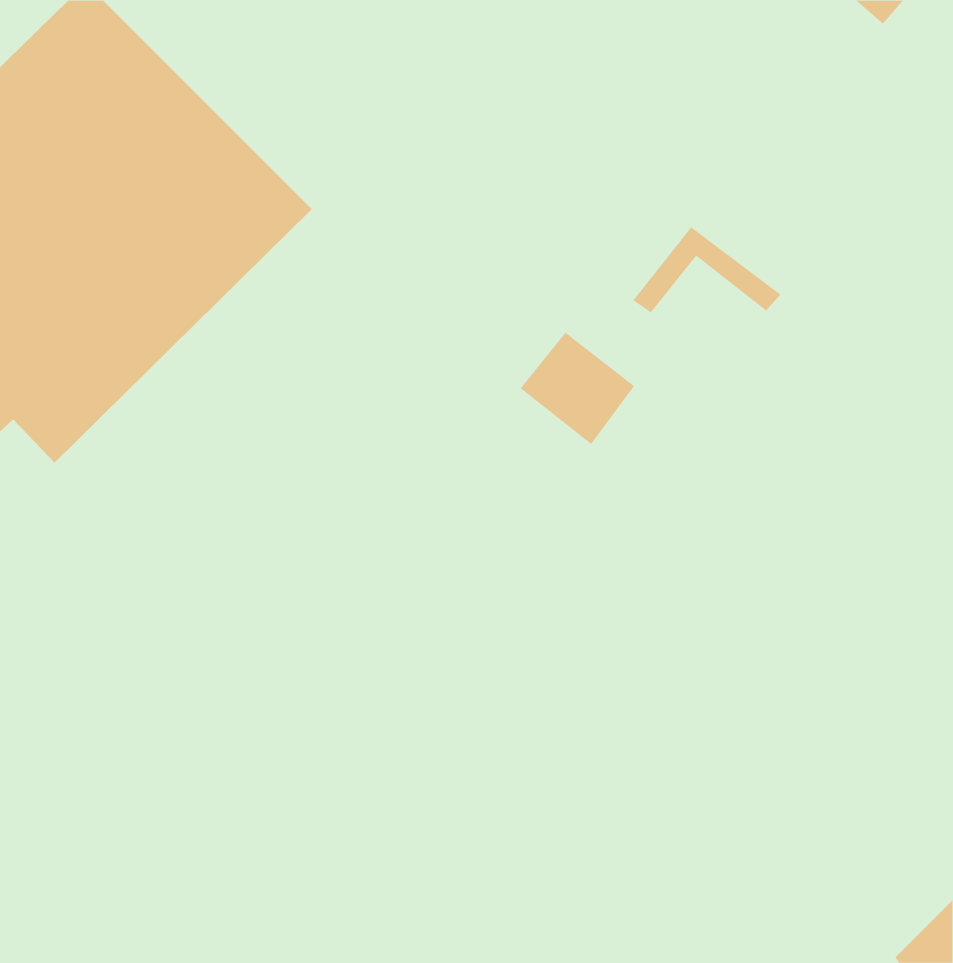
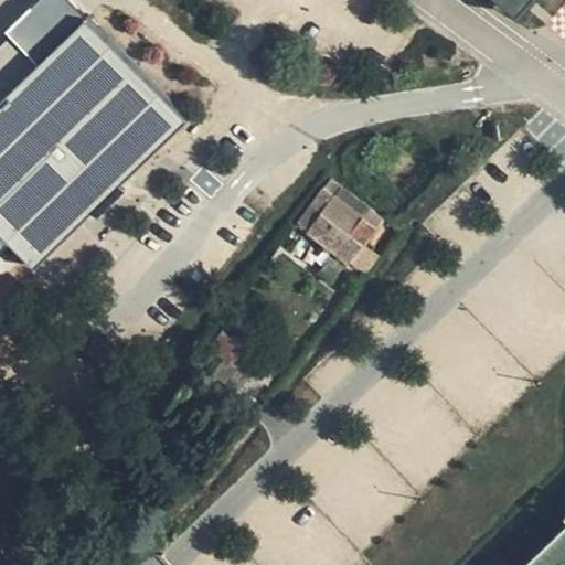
building: [632,227,781,313] -> [294,177,381,227]

